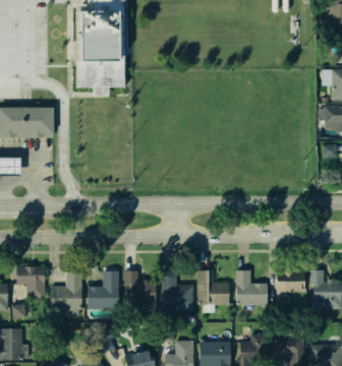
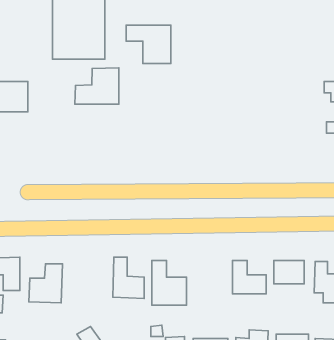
building: none -> [126,25,171,63]
building: none -> [75,68,119,104]
building: [198,269,228,311] -> none
building: [89,273,118,310] -> none

